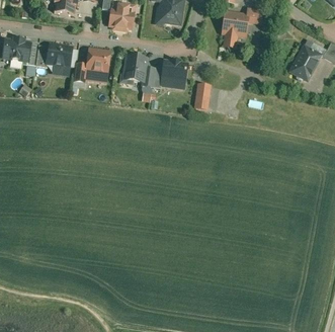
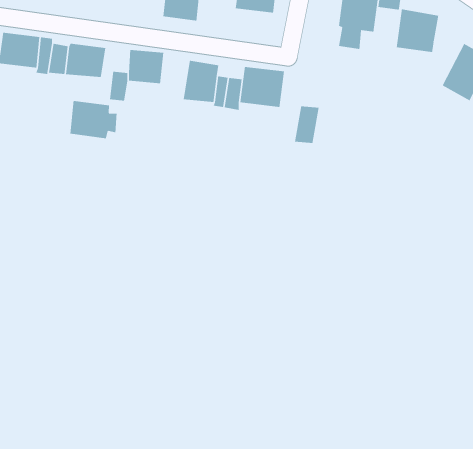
building: none -> [396,8,439,53]
building: none -> [70,100,117,139]

